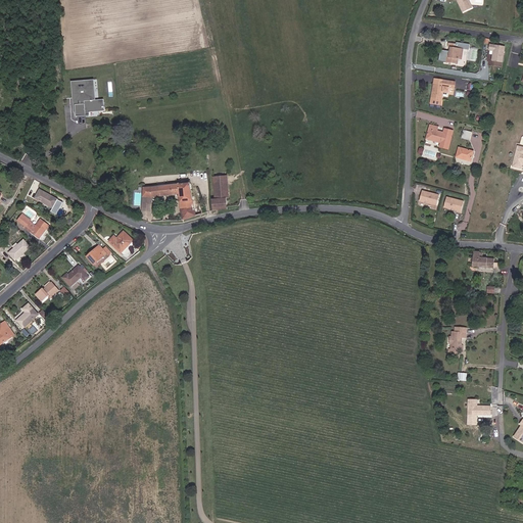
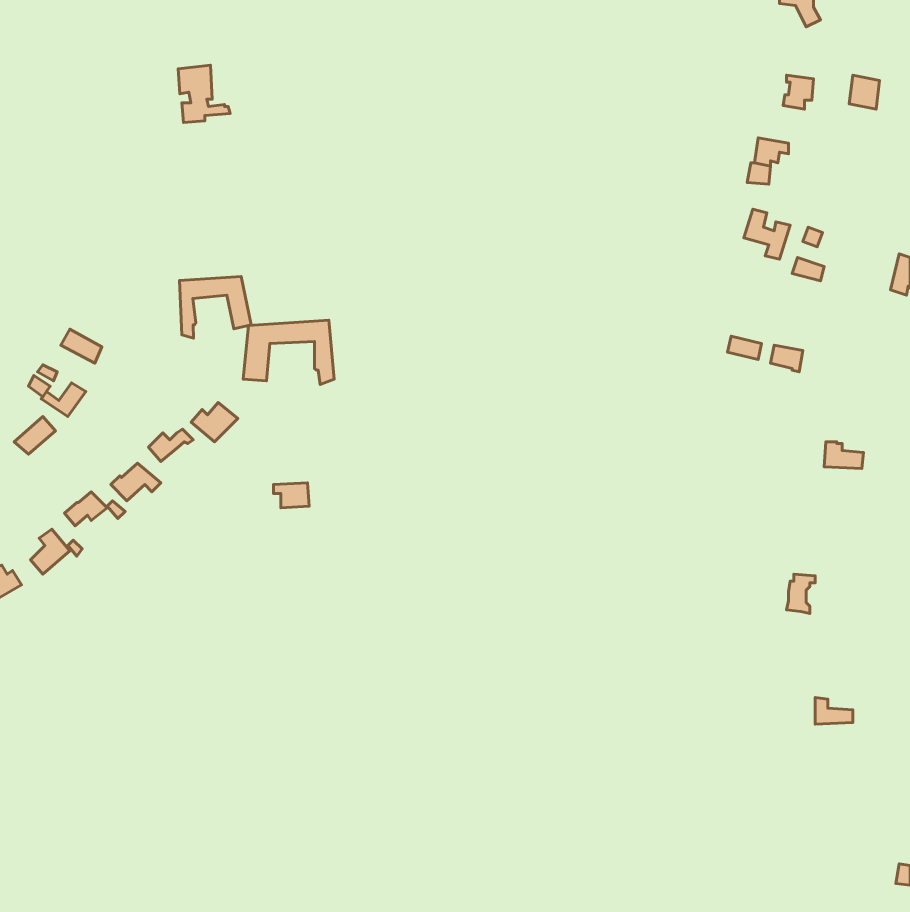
building: [76,80,105,112] -> [178,65,230,123]
building: none -> [179,277,251,338]
building: [209,175,227,208] -> none

